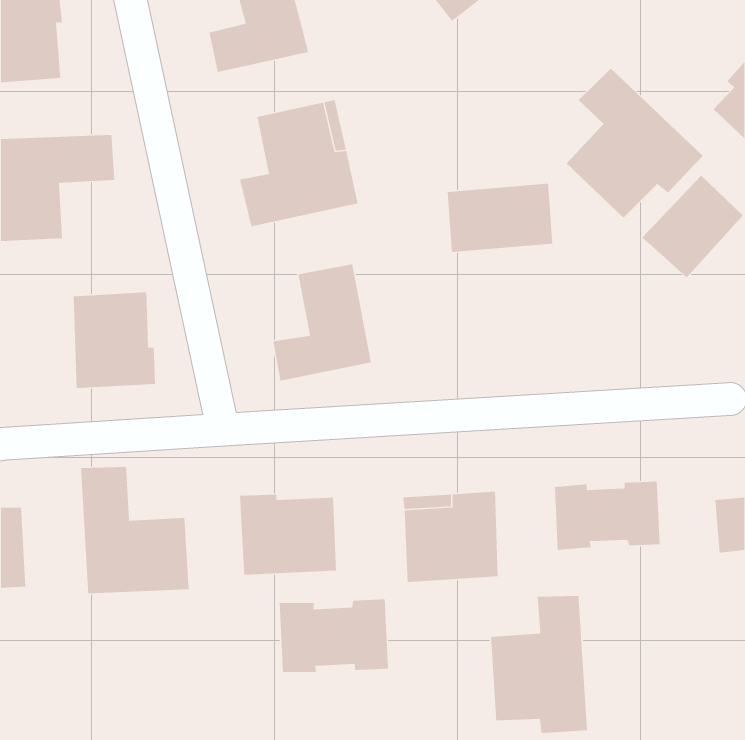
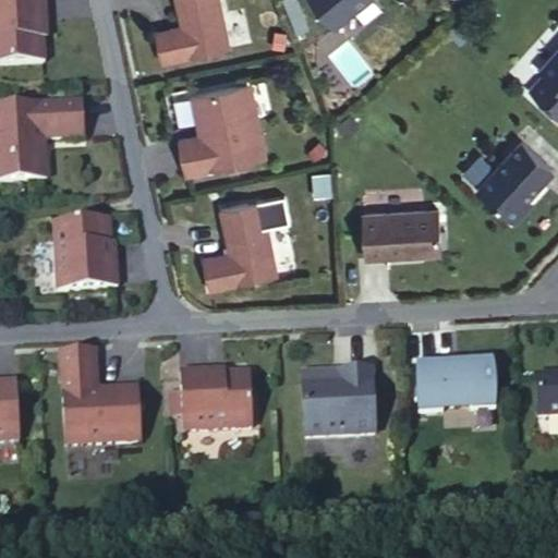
building: [566,68,703,219] -> none
building: [447,183,553,253] -> [365,201,445,253]
building: [490,595,588,734] -> none
building: [279,599,389,673] -> none

